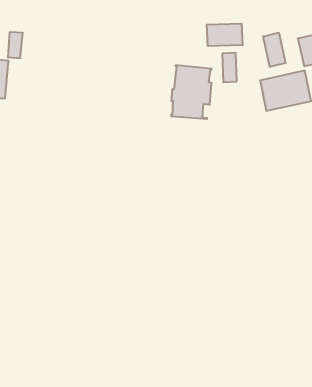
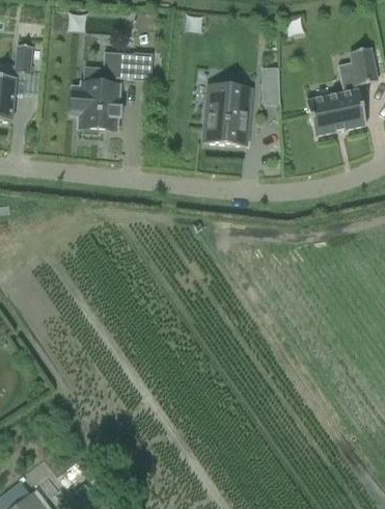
building: [207,24,242,46] -> none
building: [263,33,286,67] -> none
building: none -> [71,50,137,132]

